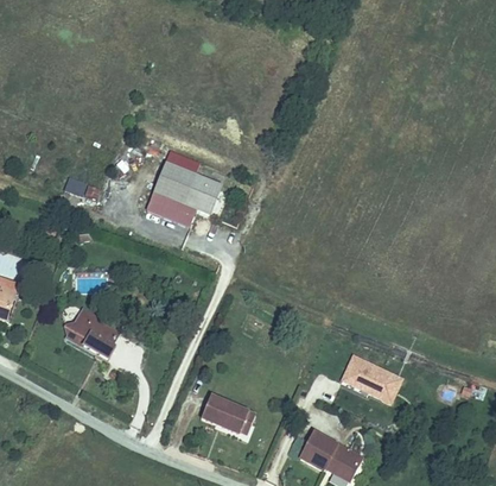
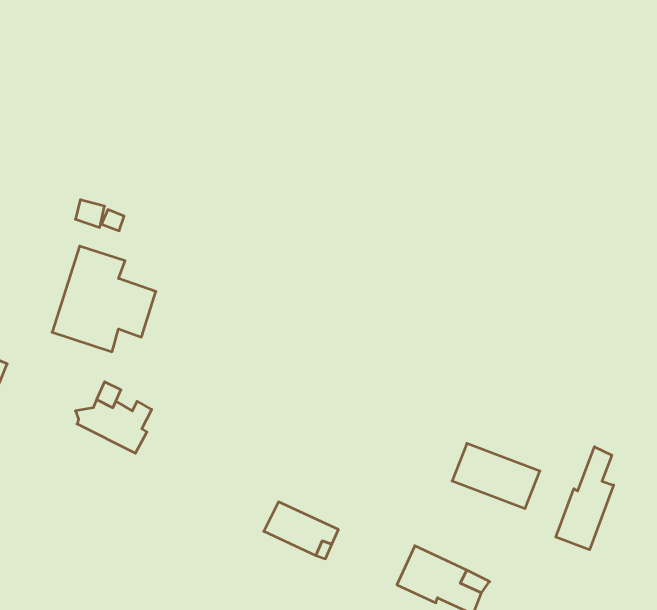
building: [146,149,222,226] -> [52,246,156,352]
building: none -> [556,447,614,550]

